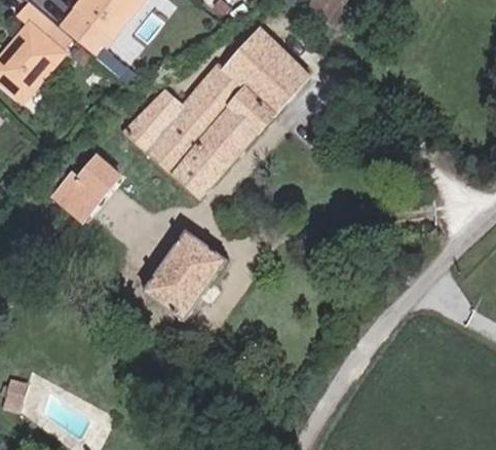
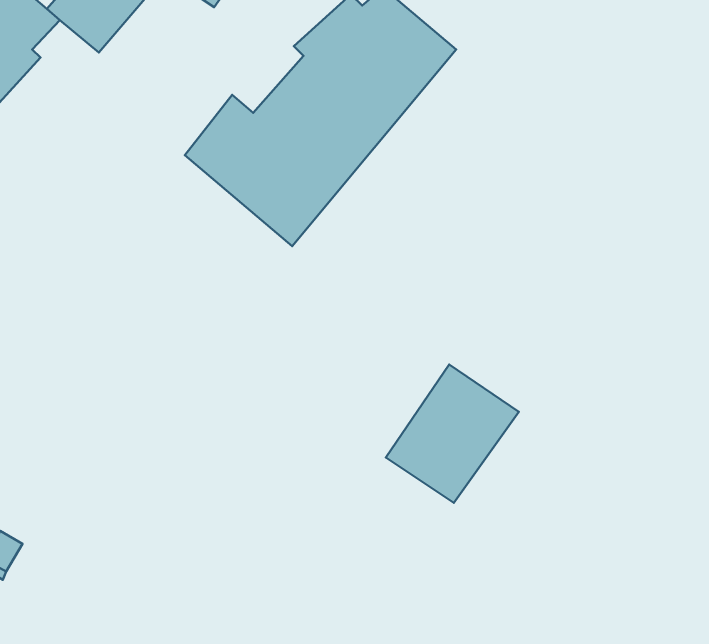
building: [52,156,124,217] -> none
building: [145,230,229,317] -> [386,365,519,503]

